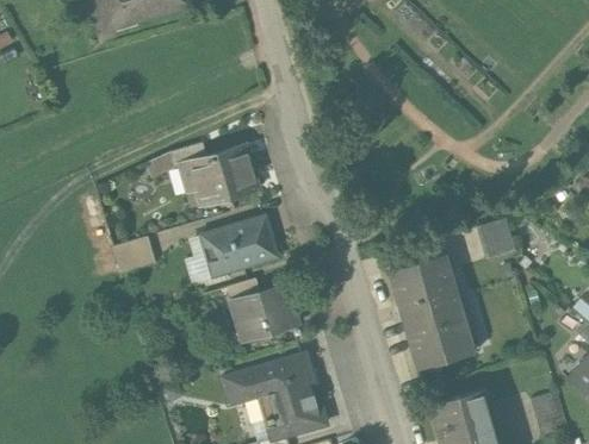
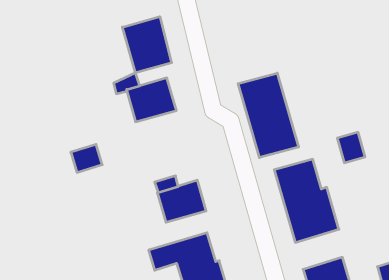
building: none -> [122,17,172,73]
building: none -> [238,73,299,158]
building: [200,217,277,275] -> none

